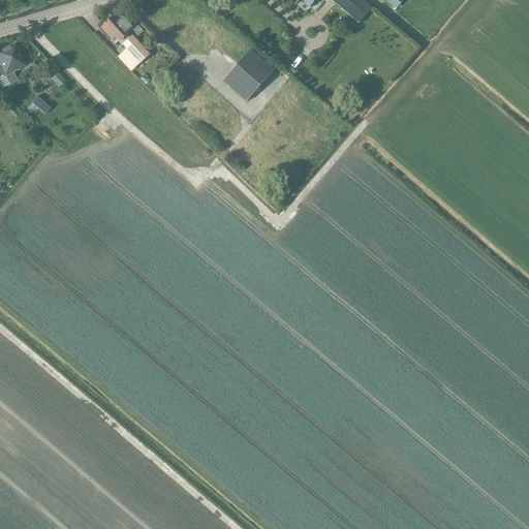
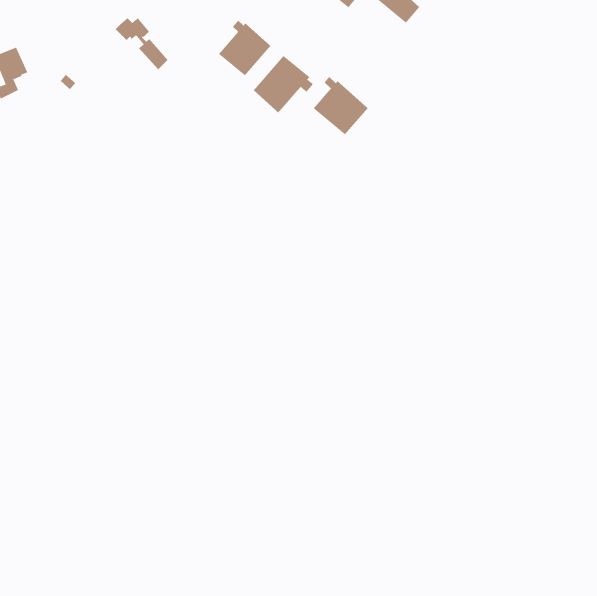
building: none -> [218,20,271,76]
building: none -> [313,76,368,135]

